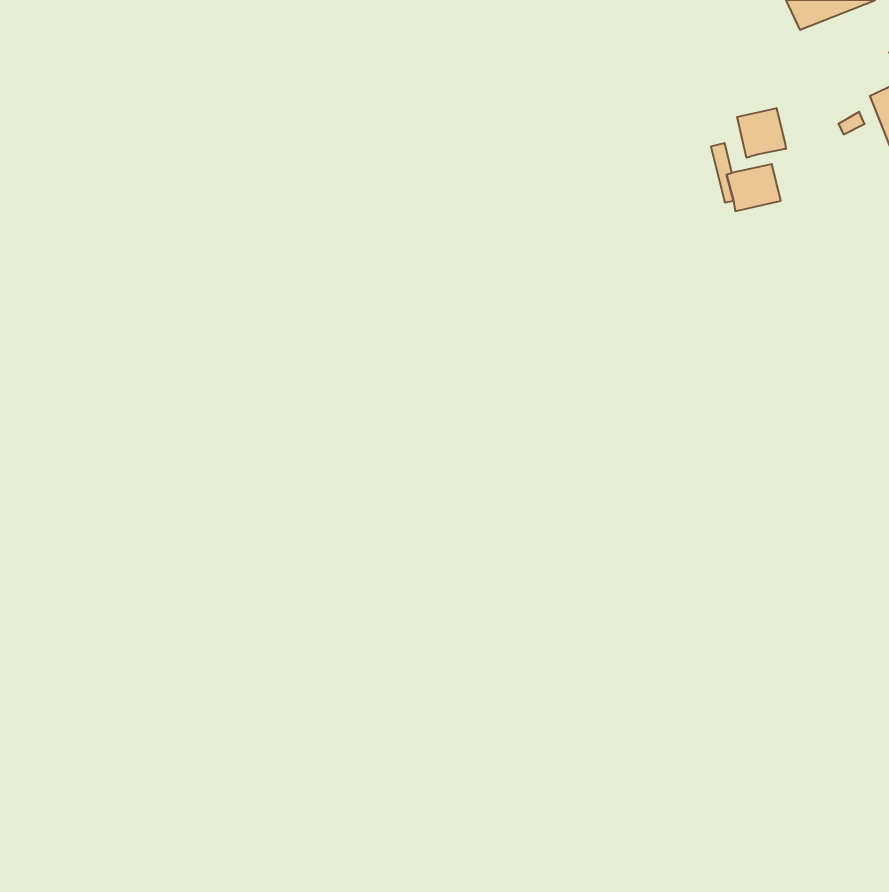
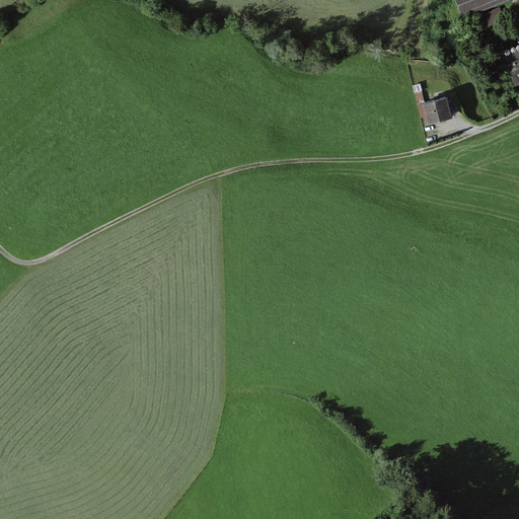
building: [737,108,786,158] -> none

